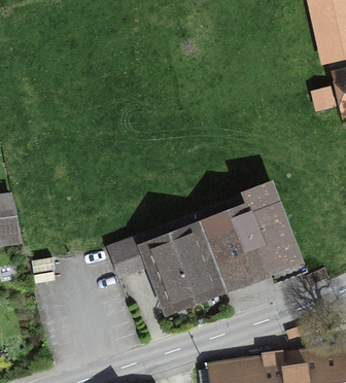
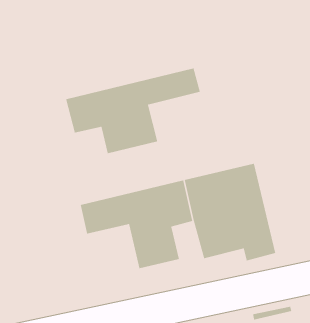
building: none -> [65,67,201,154]

